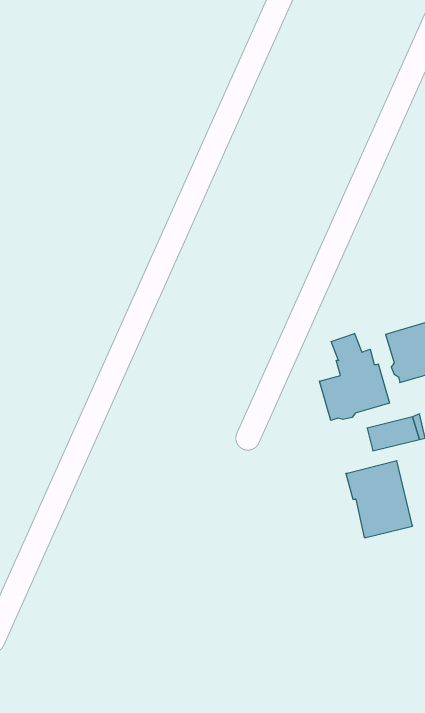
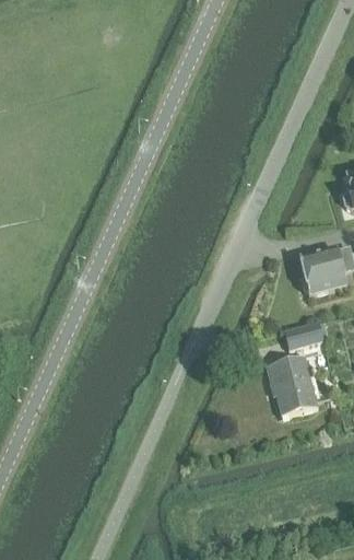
building: [319,333,390,420] -> none

